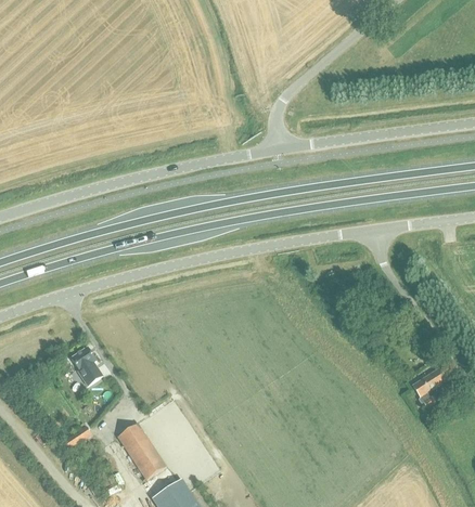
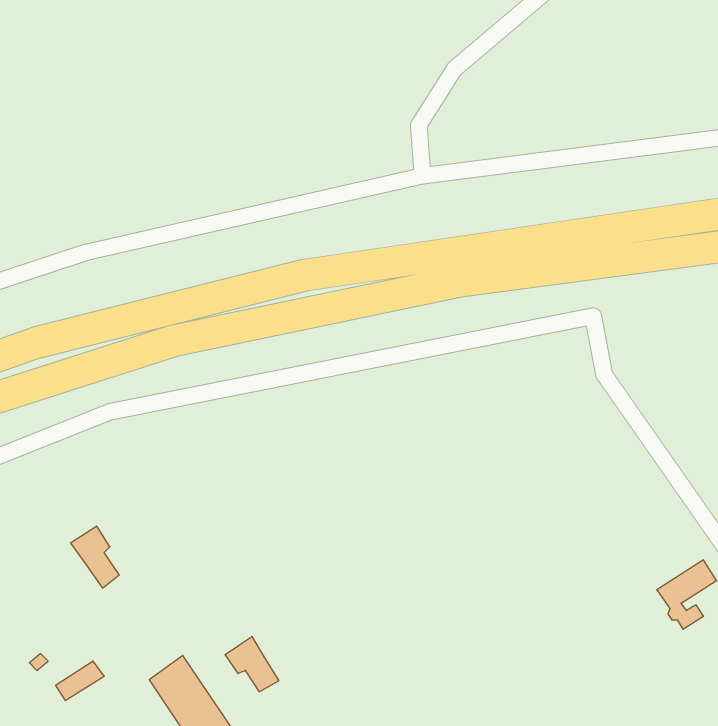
building: none -> [225,636,279,692]

